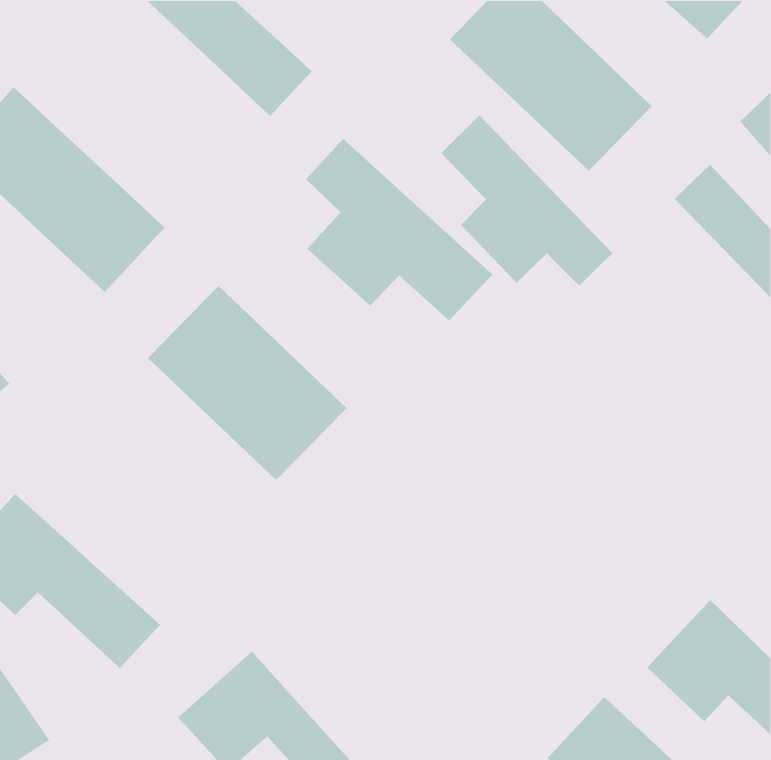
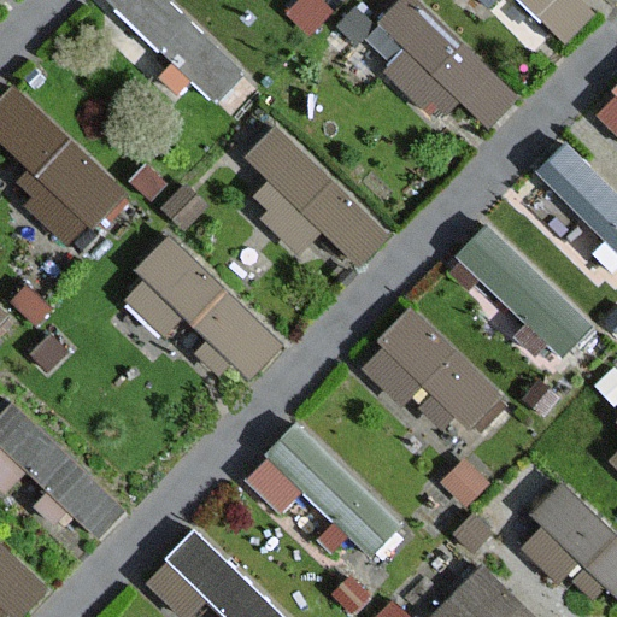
building: [441,115,613,286] -> none
building: none -> [456,219,593,359]
building: none -> [357,307,512,460]
building: none -> [254,430,410,574]

